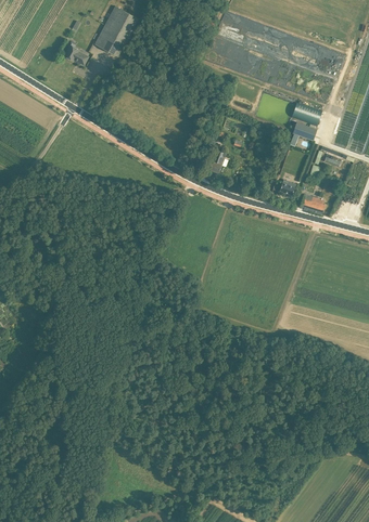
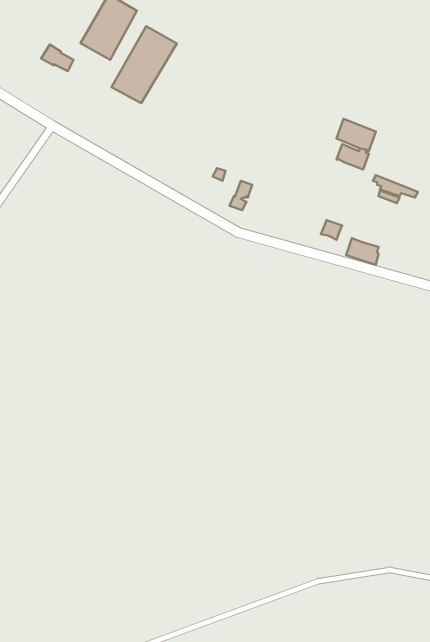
building: none -> [111,26,177,103]

